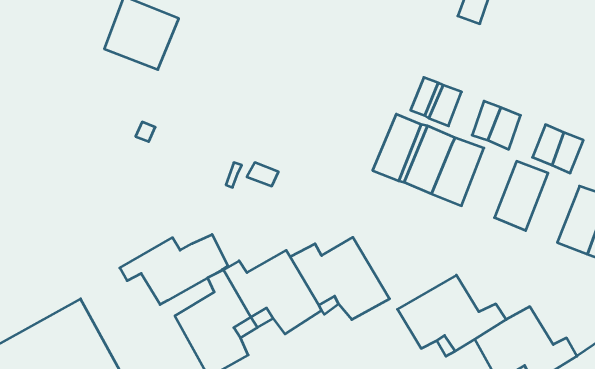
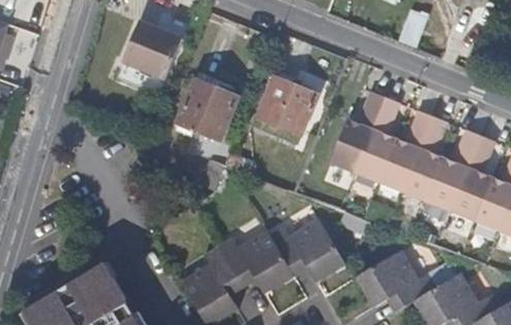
building: none -> [179,76,240,142]
building: none -> [259,78,318,136]
building: none -> [403,146,446,201]
building: none -> [453,166,496,220]
building: [120,234,228,305] -> none

